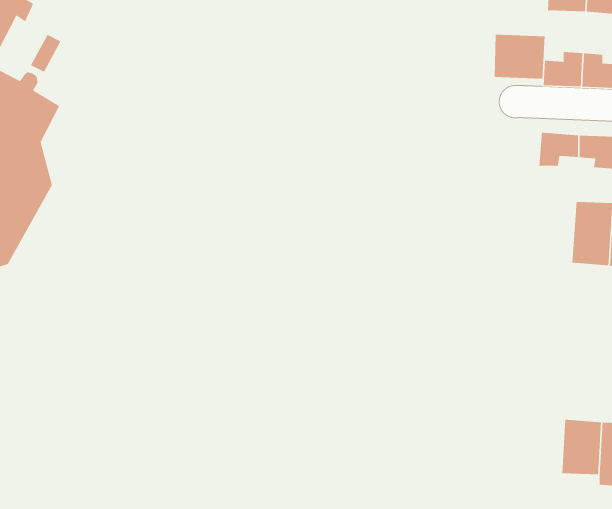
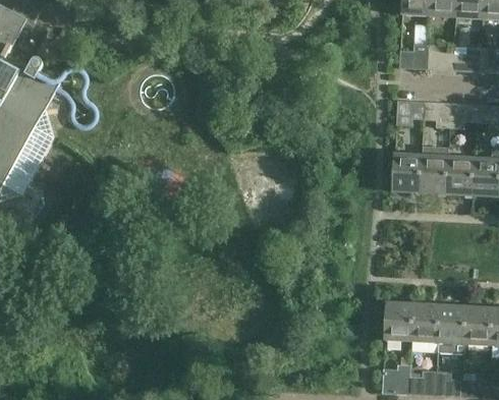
building: [494,34,545,80] -> none
building: none -> [392,147,422,192]
building: none -> [385,300,413,341]

